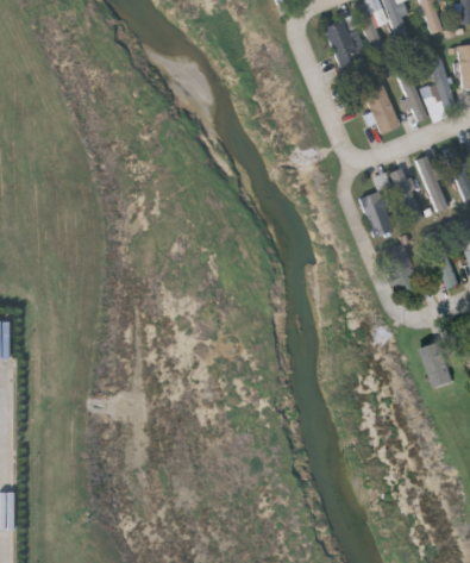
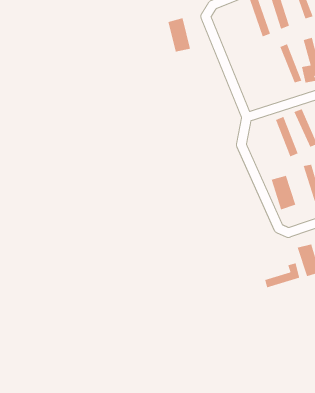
building: [326,19,358,67] -> [167,17,191,52]
building: [363,85,401,137] -> none
building: [358,190,393,237] -> none
building: none -> [265,263,300,288]

